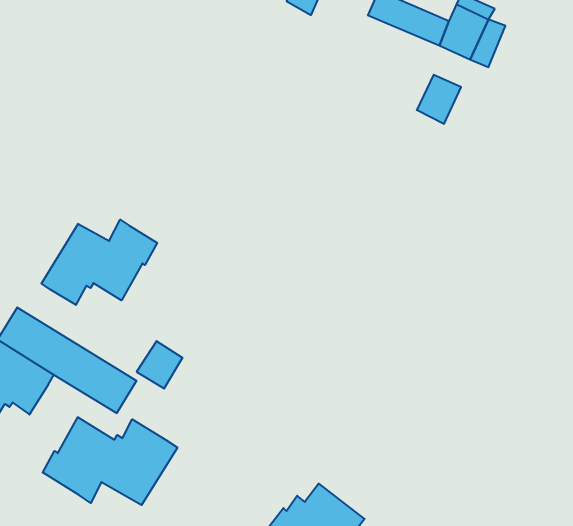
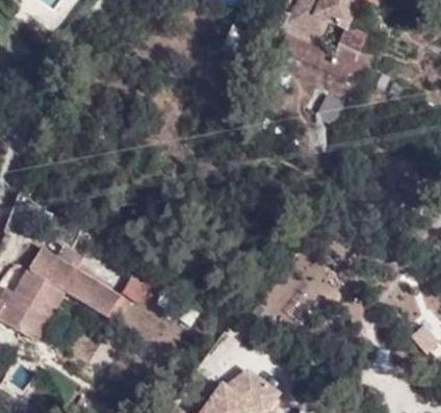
building: [41,220,157,305] -> none
building: [43,417,177,505] -> none

